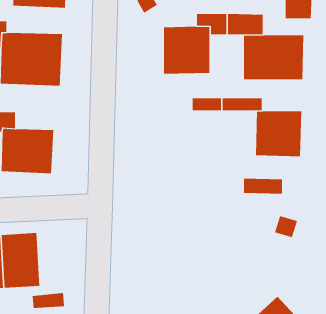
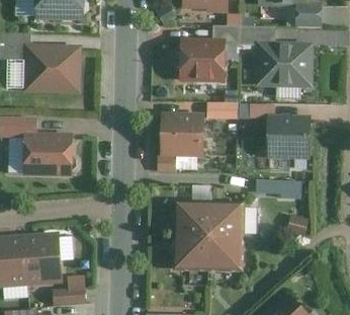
building: none -> [160,110,204,158]
building: none -> [175,202,243,272]

